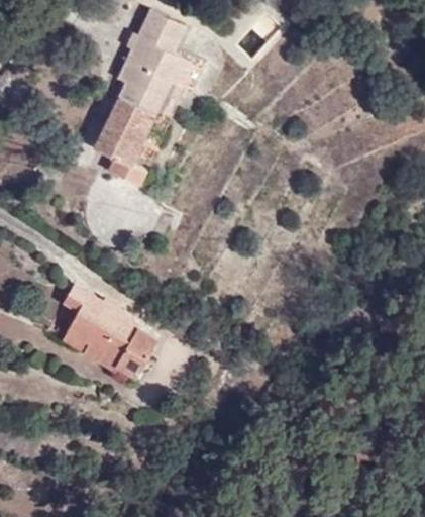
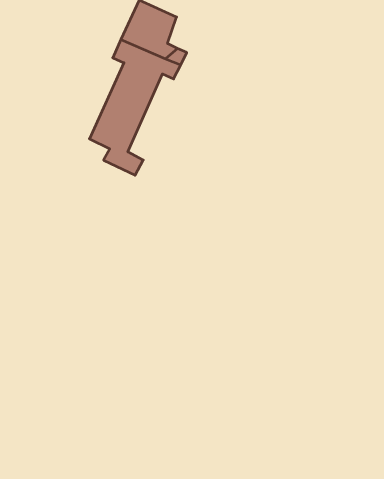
building: [66,288,162,377] -> none

